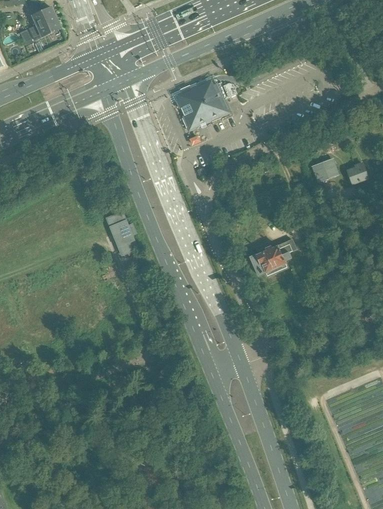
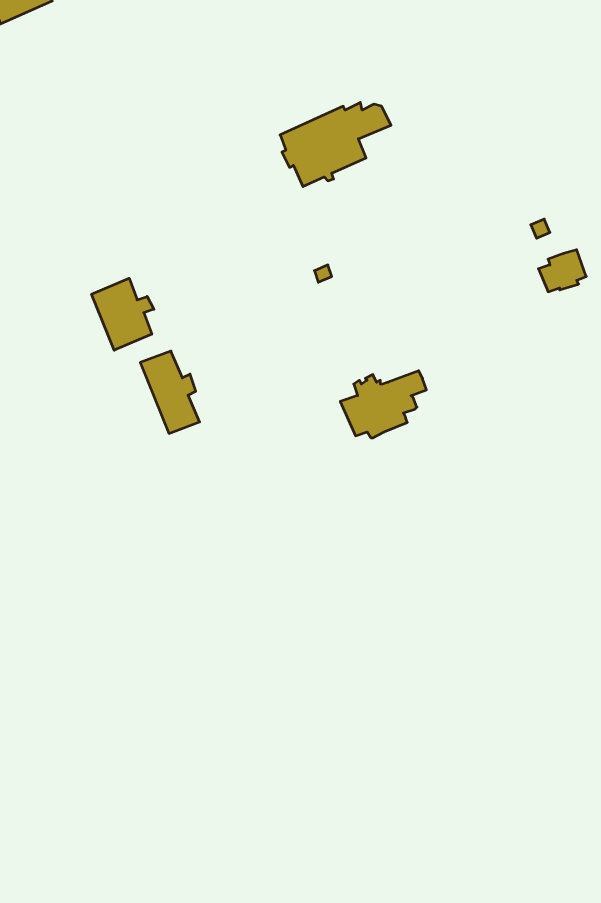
building: none -> [92,278,154,350]
building: [251,240,296,275] -> [340,371,426,438]

